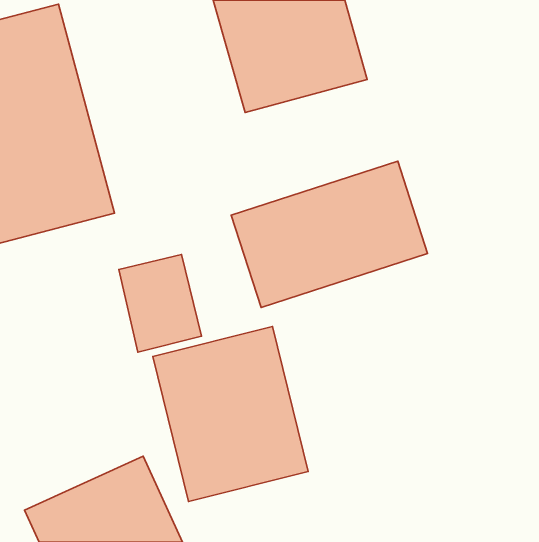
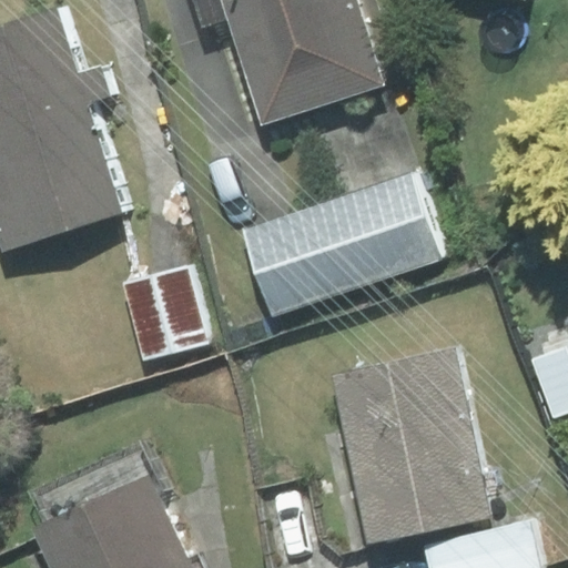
building: [153,327,308,501] -> none
building: none -> [333,346,490,548]

